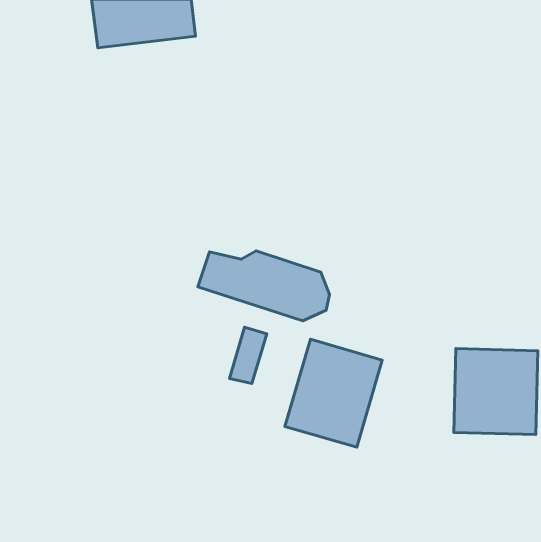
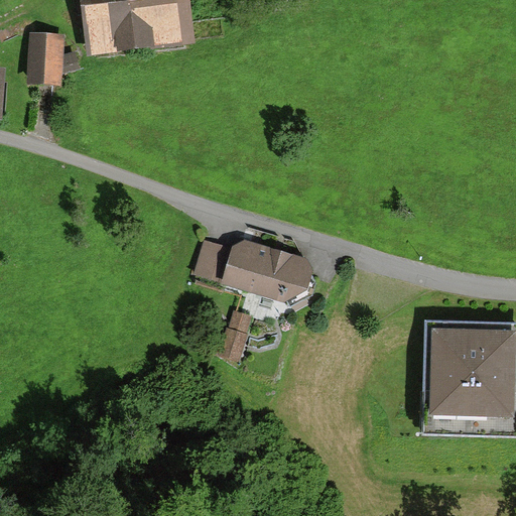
building: none -> [27,36,61,87]
building: [285,339,382,447] -> none

